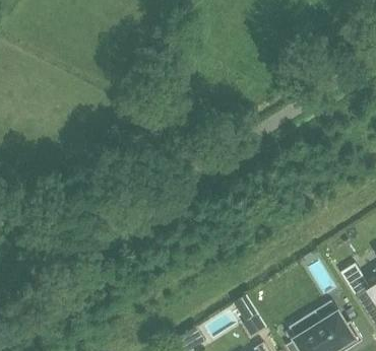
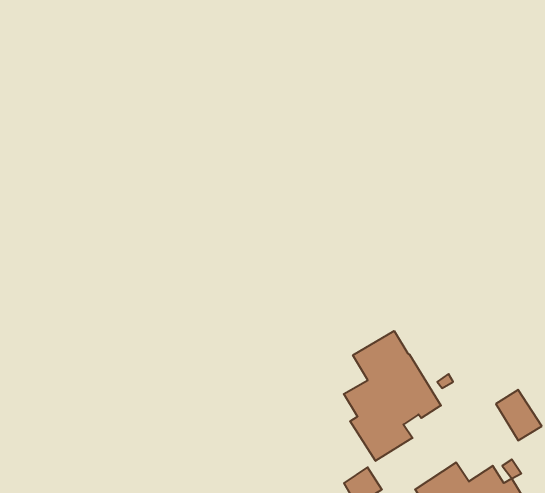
building: none -> [344,331,441,461]

